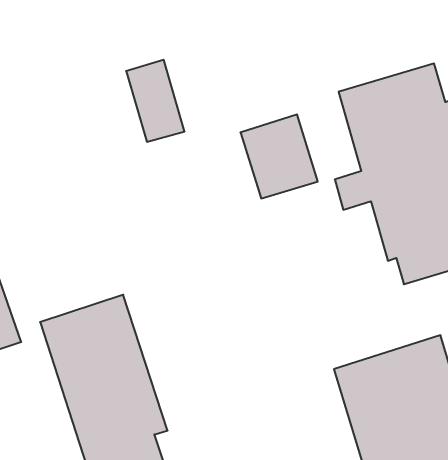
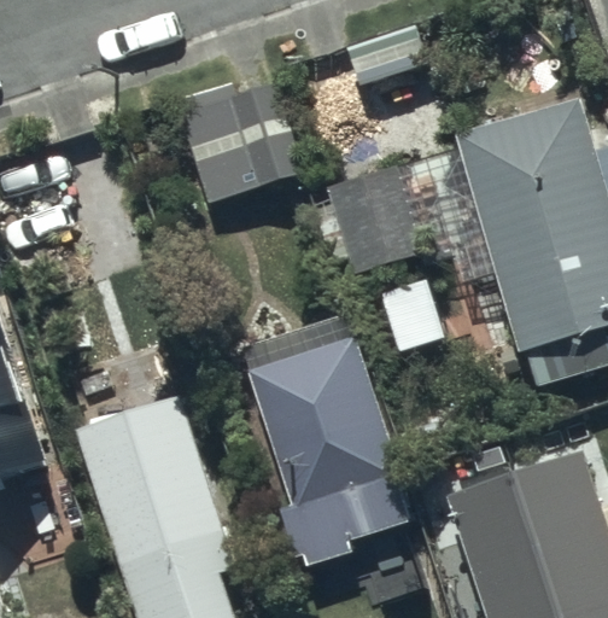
building: none -> [238,316,420,569]

